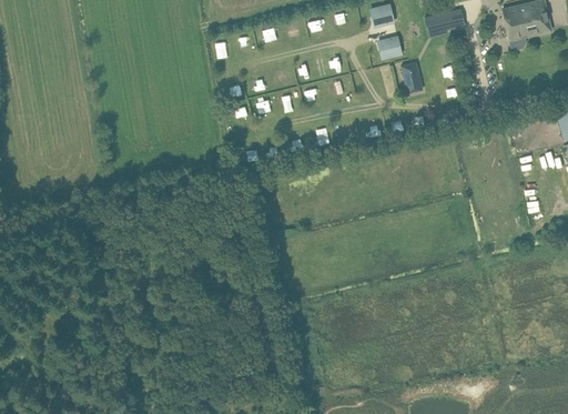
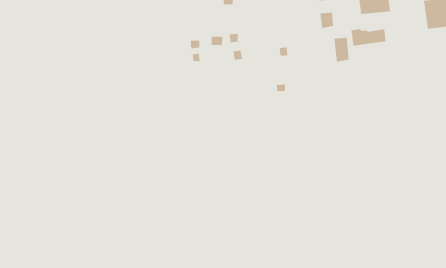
building: none -> [351,28,386,47]

